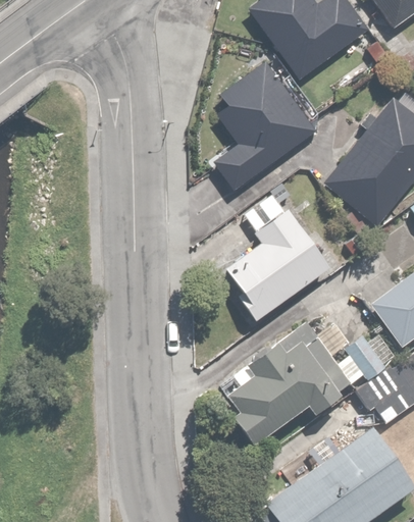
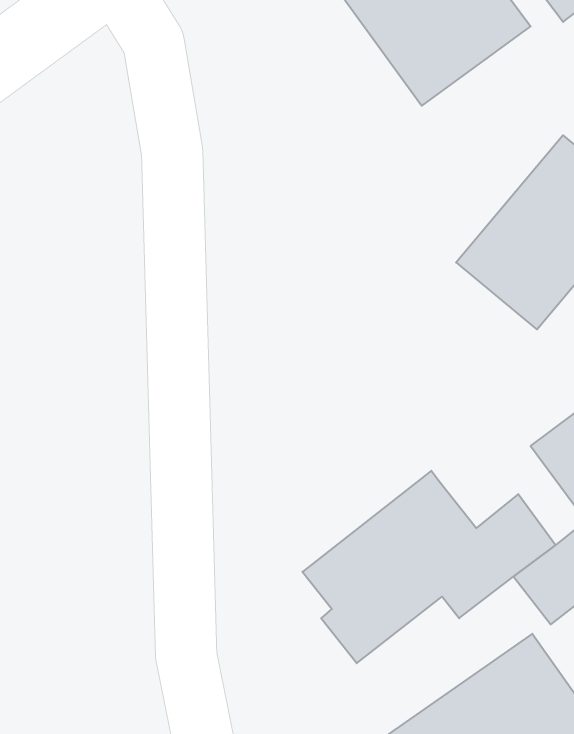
building: [211,61,318,191] -> none
building: [222,191,329,320] -> none

